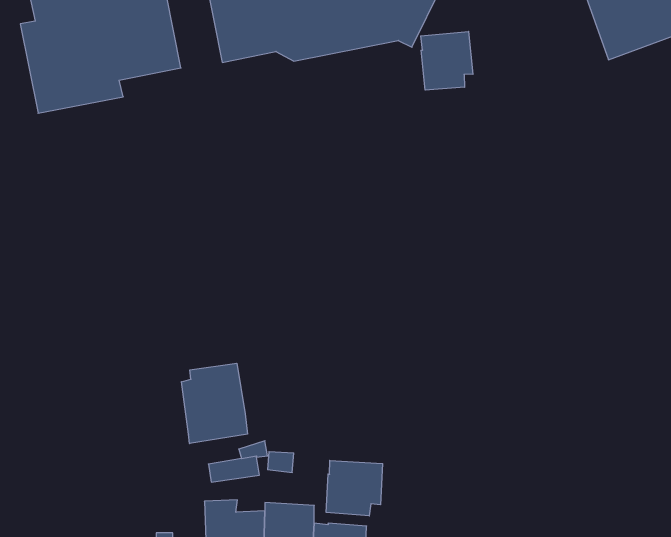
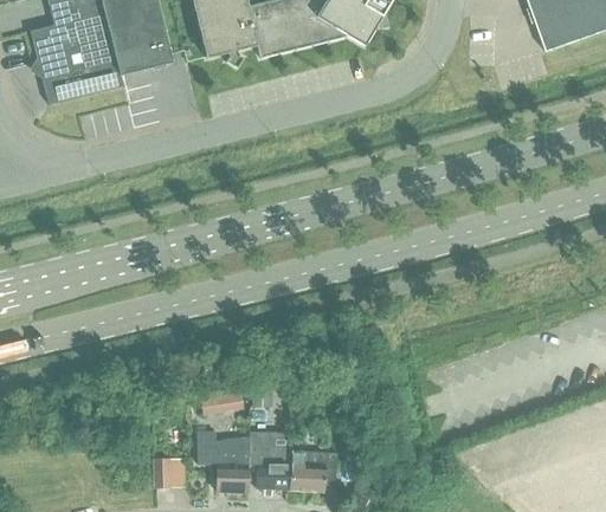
building: [421,31,473,90] -> none
building: [181,363,247,444] -> none
building: [326,460,383,516] -> none

